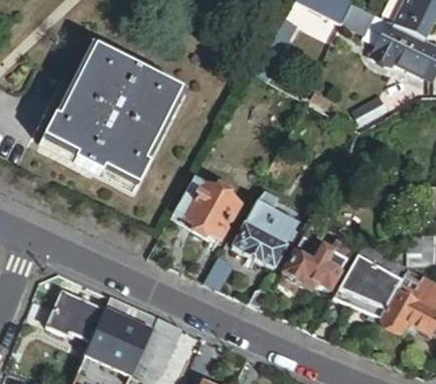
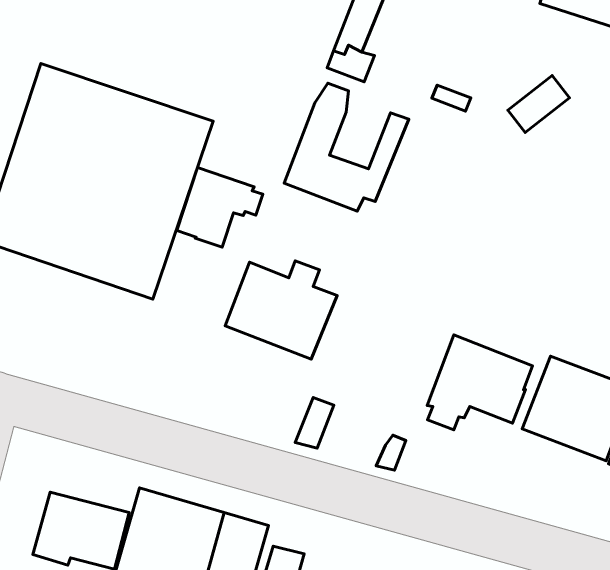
building: none -> [177,168,263,247]
building: [232,193,308,268] -> [284,83,409,211]

